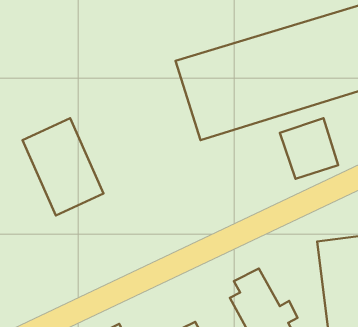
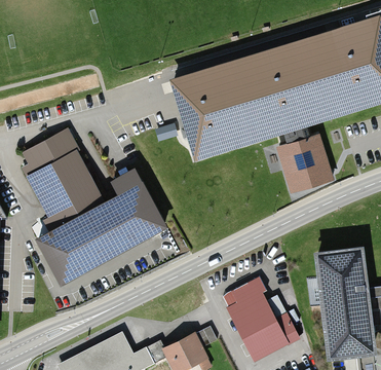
building: none -> [30,171,164,286]

